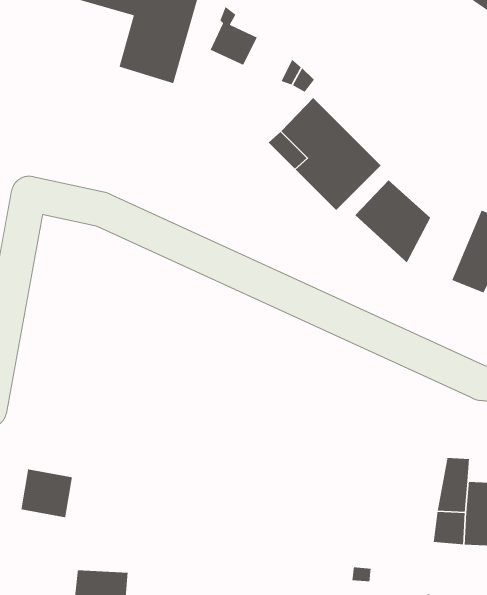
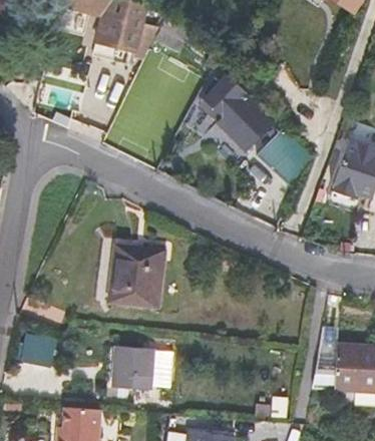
building: none -> [108,242,166,307]
building: none -> [113,345,154,387]

